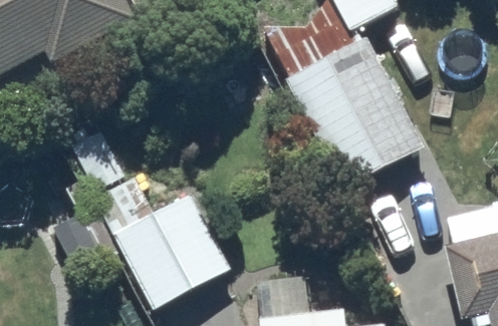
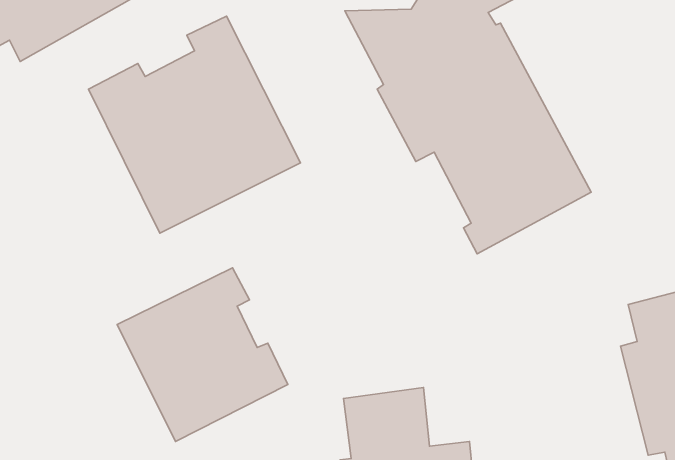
building: none -> [89,16,301,233]

